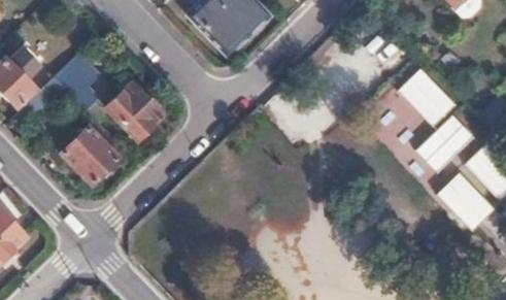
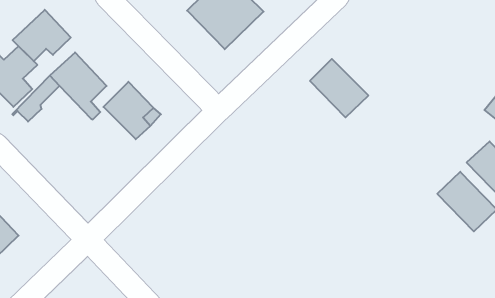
building: none -> [13,10,71,61]
building: [398,68,456,126] -> [310,59,368,117]
building: [415,115,473,173] -> none
building: [60,121,119,186] -> none

